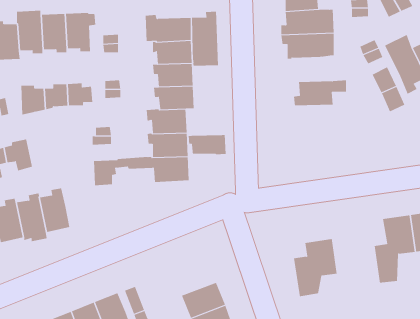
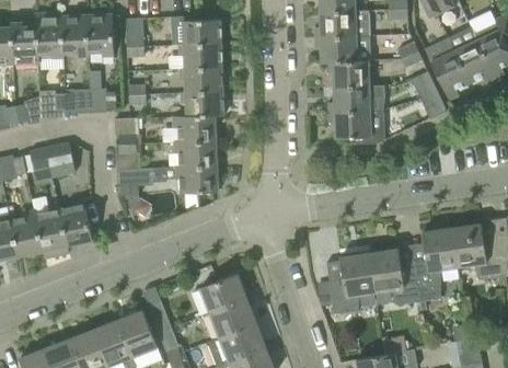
building: [191,11,219,67] -> none
building: none -> [326,60,369,88]
building: none -> [328,111,384,145]
building: [188,134,226,155] -> none
building: none -> [46,143,74,177]
building: none -> [369,249,418,303]
building: none -> [199,274,246,313]

